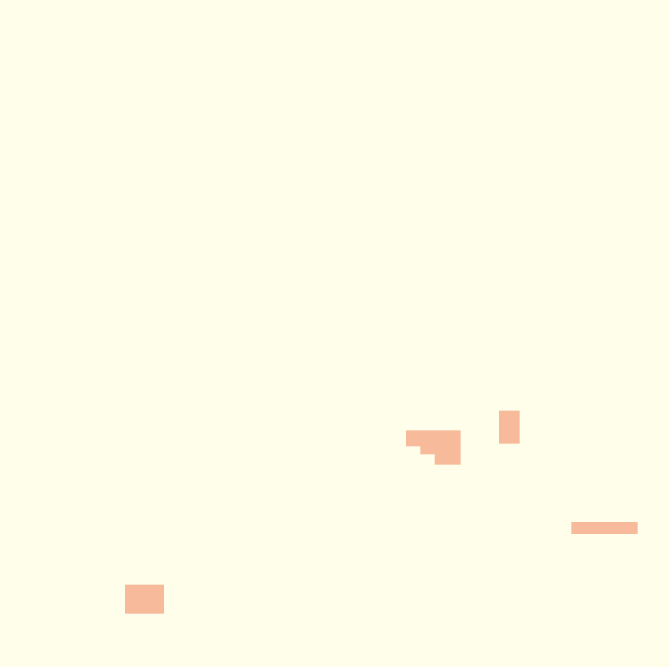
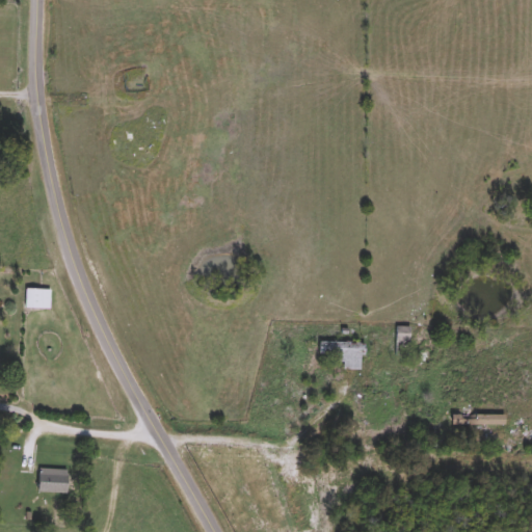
building: none -> [26,288,51,308]
building: [124,584,165,614] -> [38,468,71,491]

